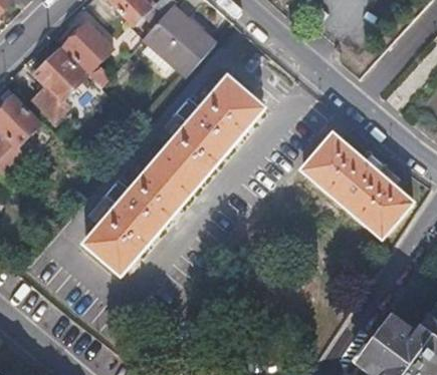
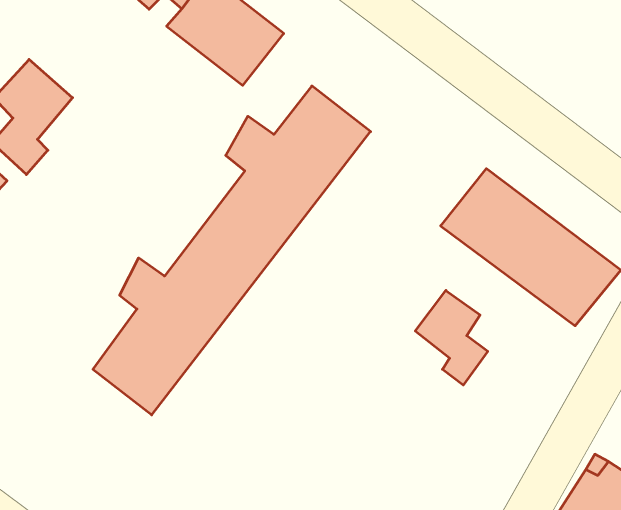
building: [62,24,111,72] -> none
building: none -> [415,290,488,385]

